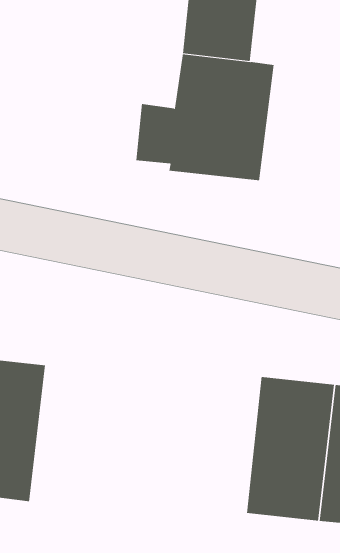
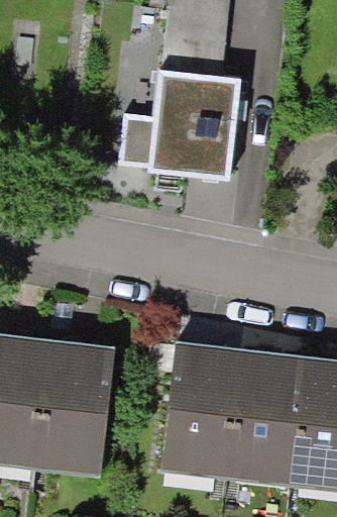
building: none -> [33,343,112,472]
building: none -> [159,346,238,475]

